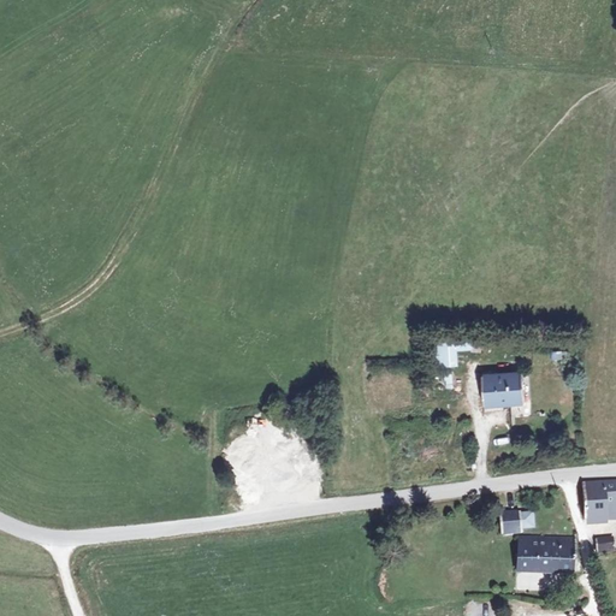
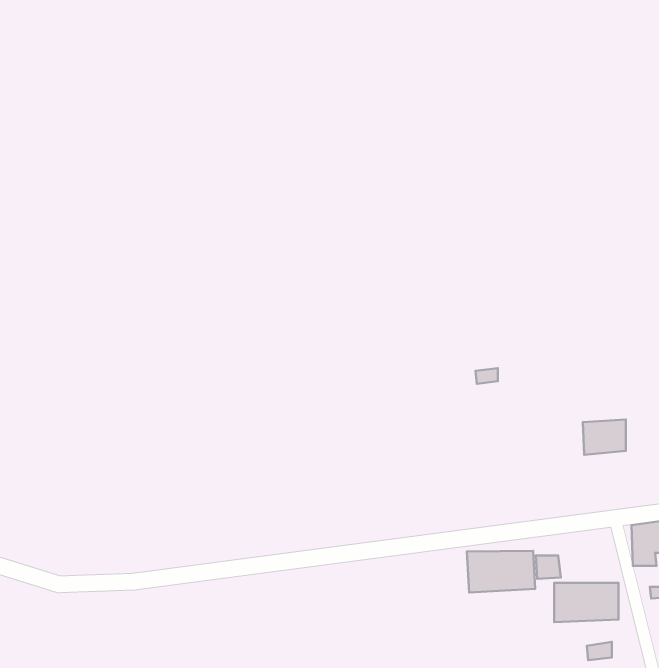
building: [479,377,519,409] -> [583,419,626,455]
building: none -> [467,551,535,592]

